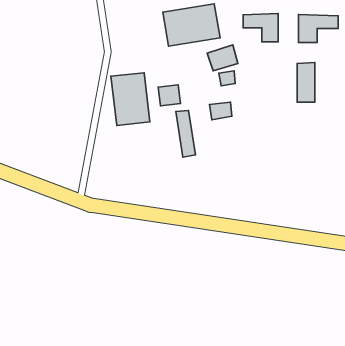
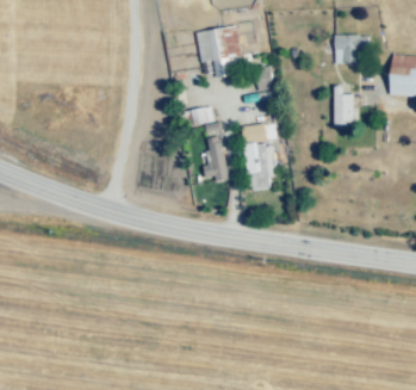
building: [243,14,278,42] -> none
building: [111,73,150,125] -> none
building: none -> [247,143,274,187]

